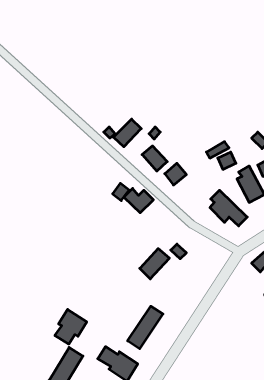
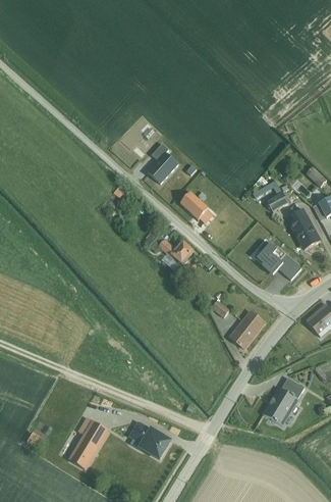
building: [140,249,169,279] -> [228,311,263,347]
building: [128,306,163,349] -> none
building: [55,309,87,344] -> none
building: none -> [262,383,301,423]

